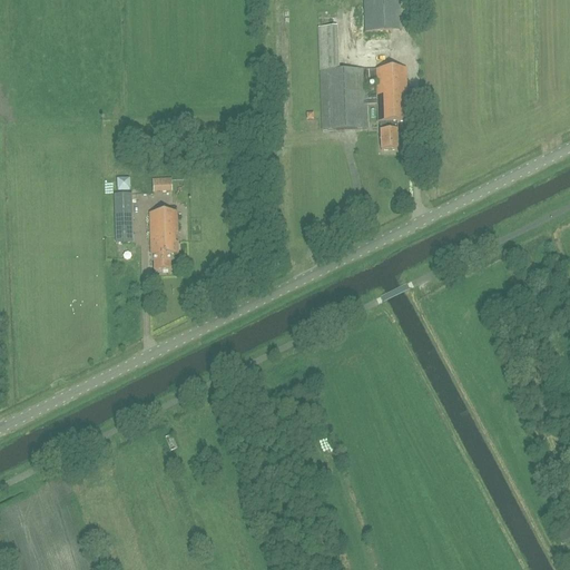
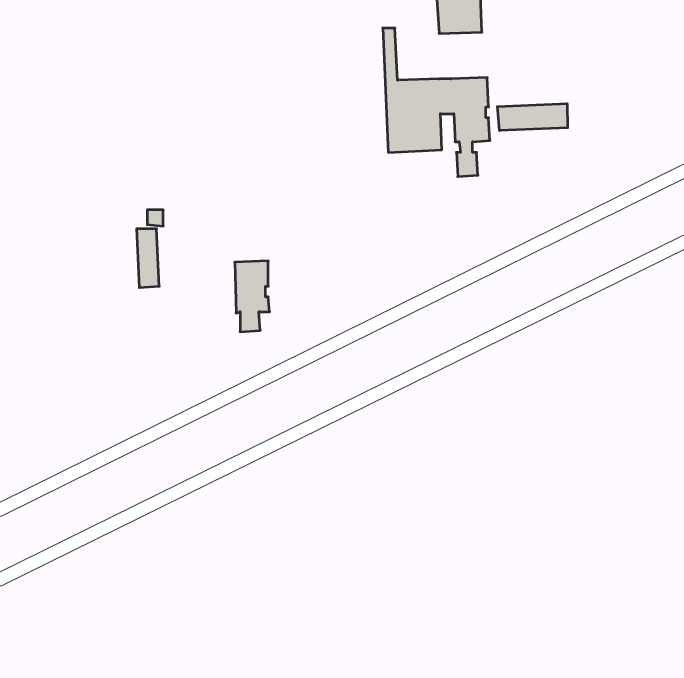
building: none -> [497,104,568,131]
building: [149,208,178,267] -> [235,261,270,332]

